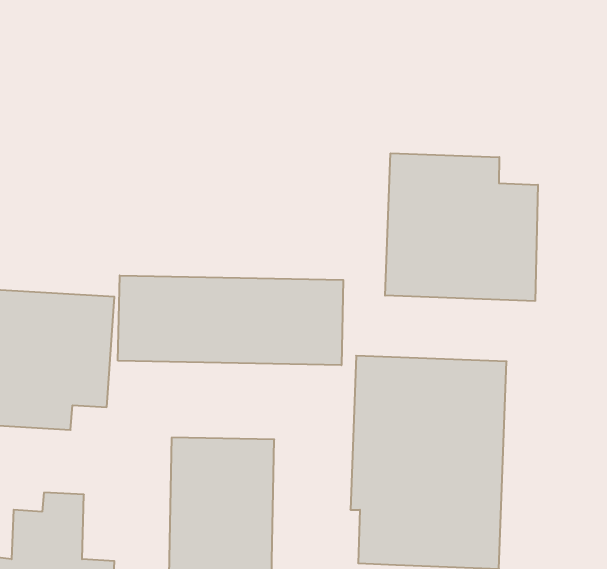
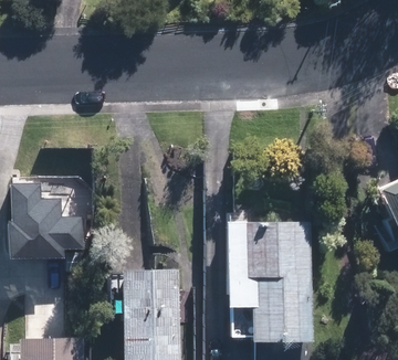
building: [385,153,538,301] -> none
building: [118,275,343,365] -> none

